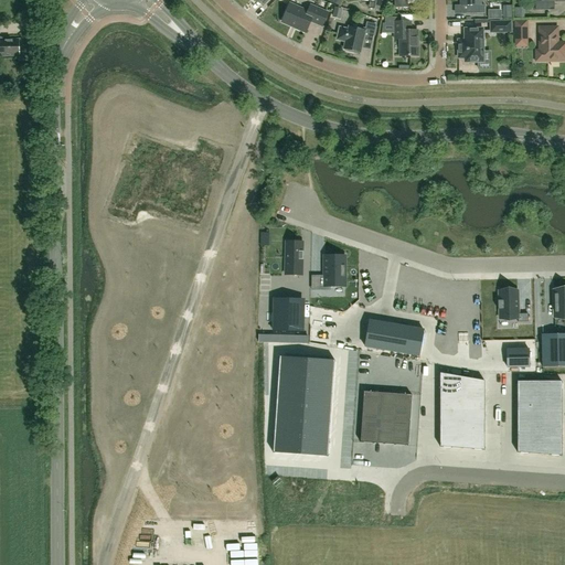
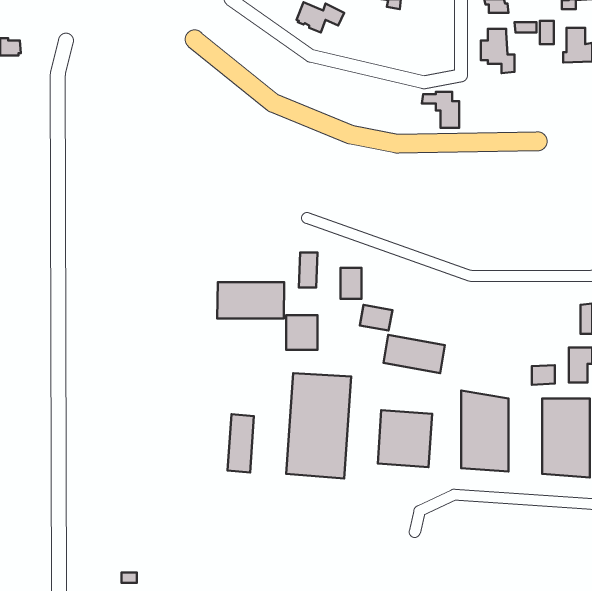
building: [337,21,375,52] -> none
building: [382,21,417,55] -> [422,92,459,128]
building: none -> [217,282,284,318]
building: [498,289,527,321] -> none
building: none -> [360,305,392,331]
building: none -> [228,414,254,472]

